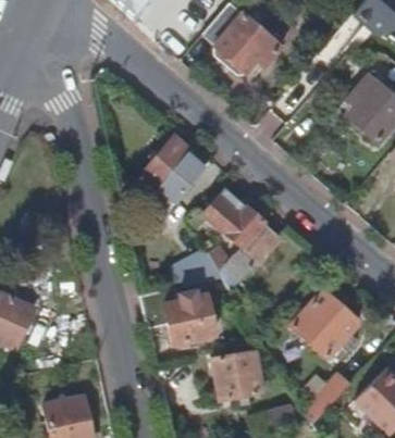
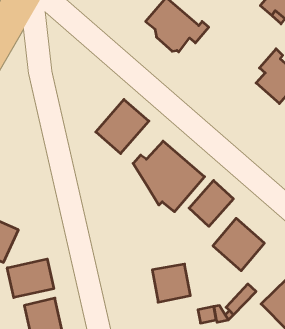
building: none -> [189,180,233,226]
building: [170,248,222,286] -> none
building: [159,287,213,342] -> none
building: none -> [7,259,54,298]

